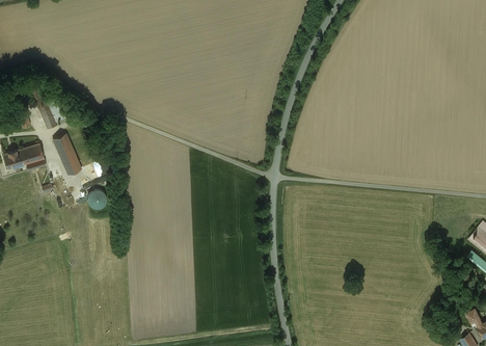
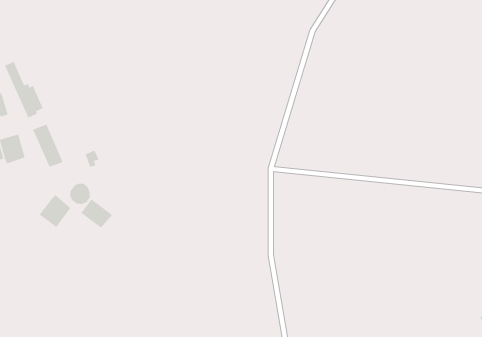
building: none -> [39,194,71,228]
building: none -> [81,198,113,229]

